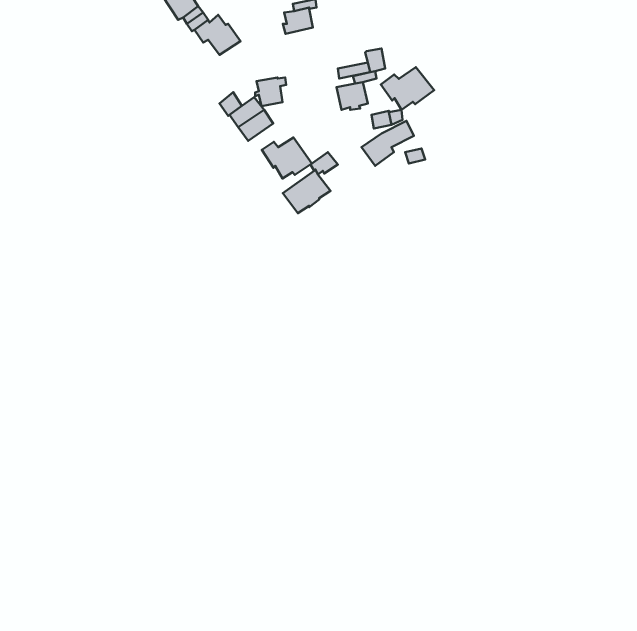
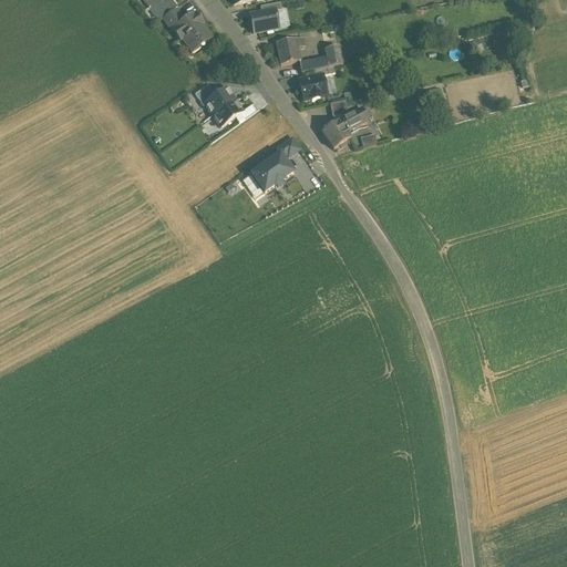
building: [381,67,434,110] -> none
building: [255,77,286,106] -> [275,37,302,62]
building: [262,138,312,179] -> none

